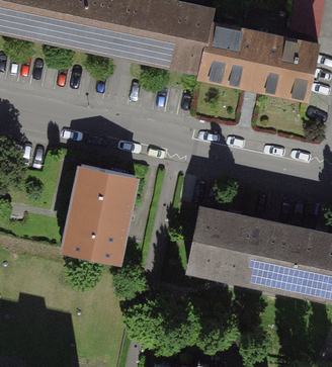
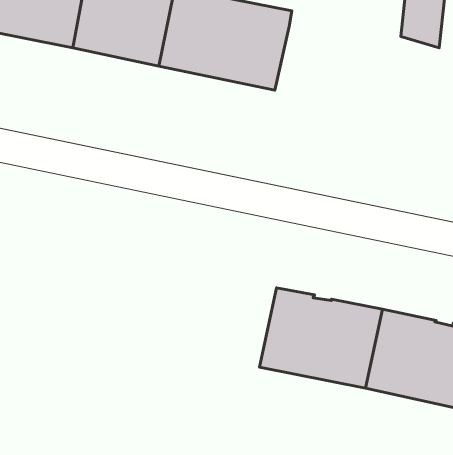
building: [200,21,319,97] -> none
building: [66,166,137,260] -> none

